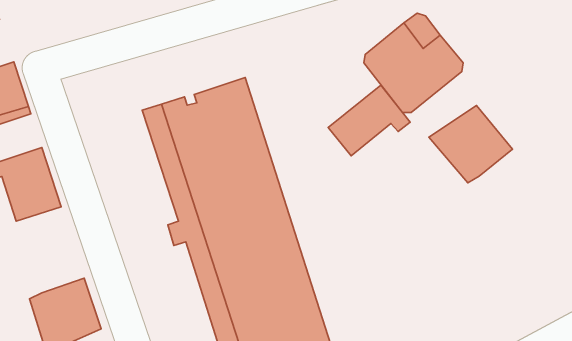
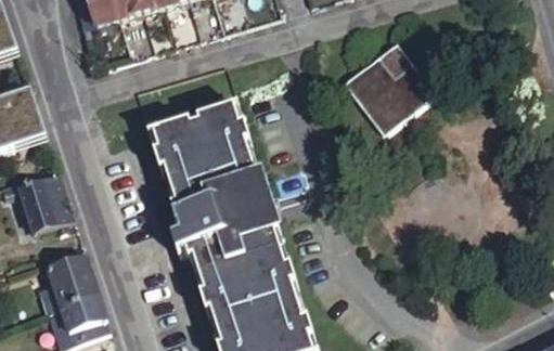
building: [328,85,410,156] -> none
building: [429,105,512,183] -> none
building: none -> [41,255,94,300]

